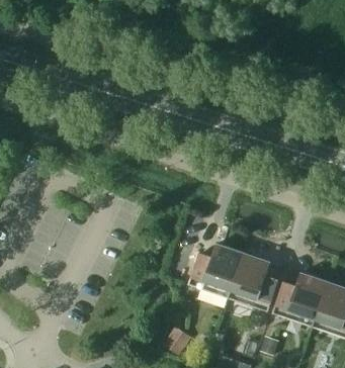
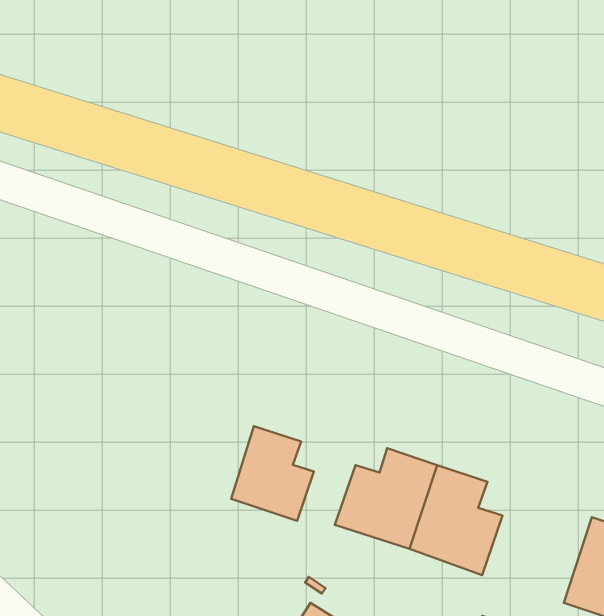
building: none -> [231,426,314,521]
building: [271,273,327,329] -> none

